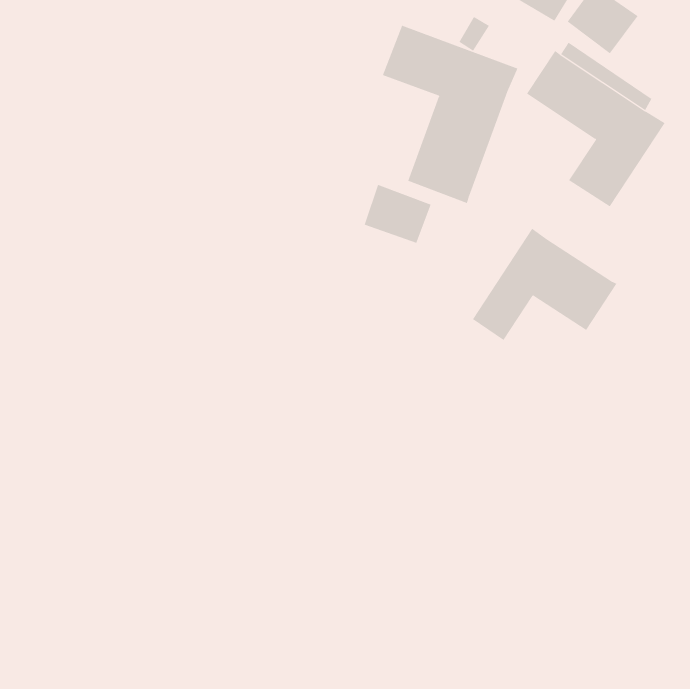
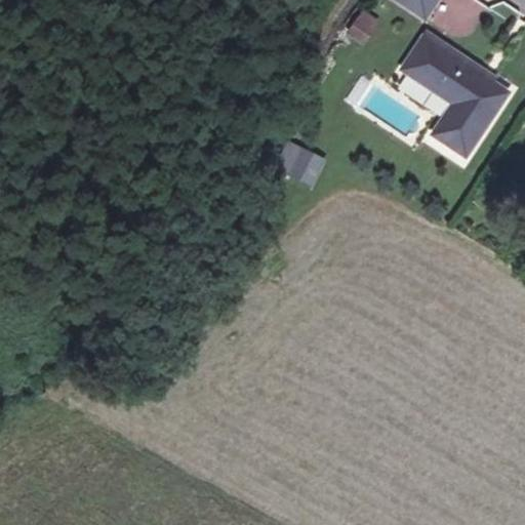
building: [382,25,518,204] -> none
building: [472,228,617,341] -> none

